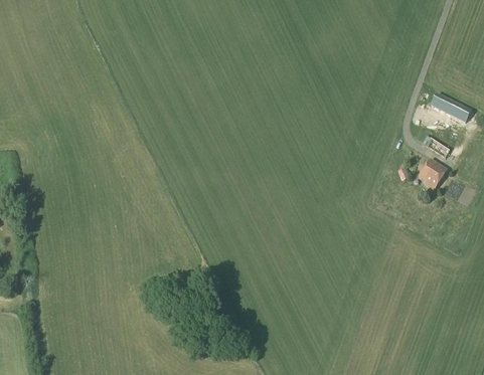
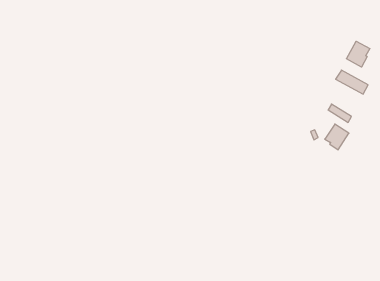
building: none -> [346,41,370,67]

